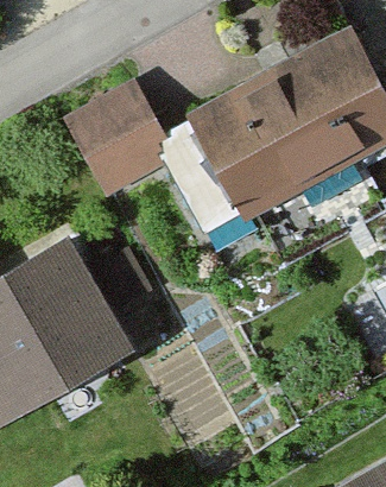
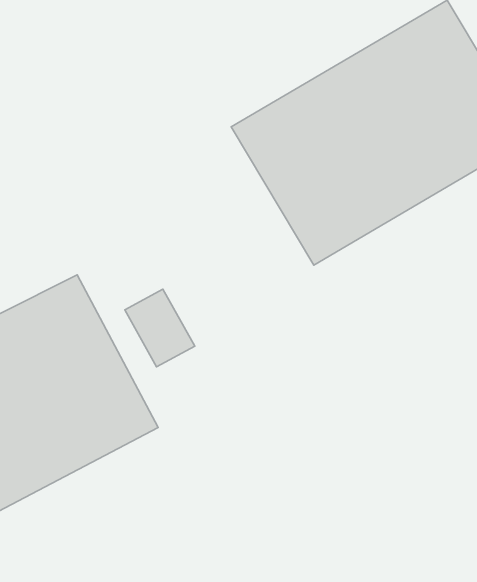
building: [63,82,160,196] -> none

